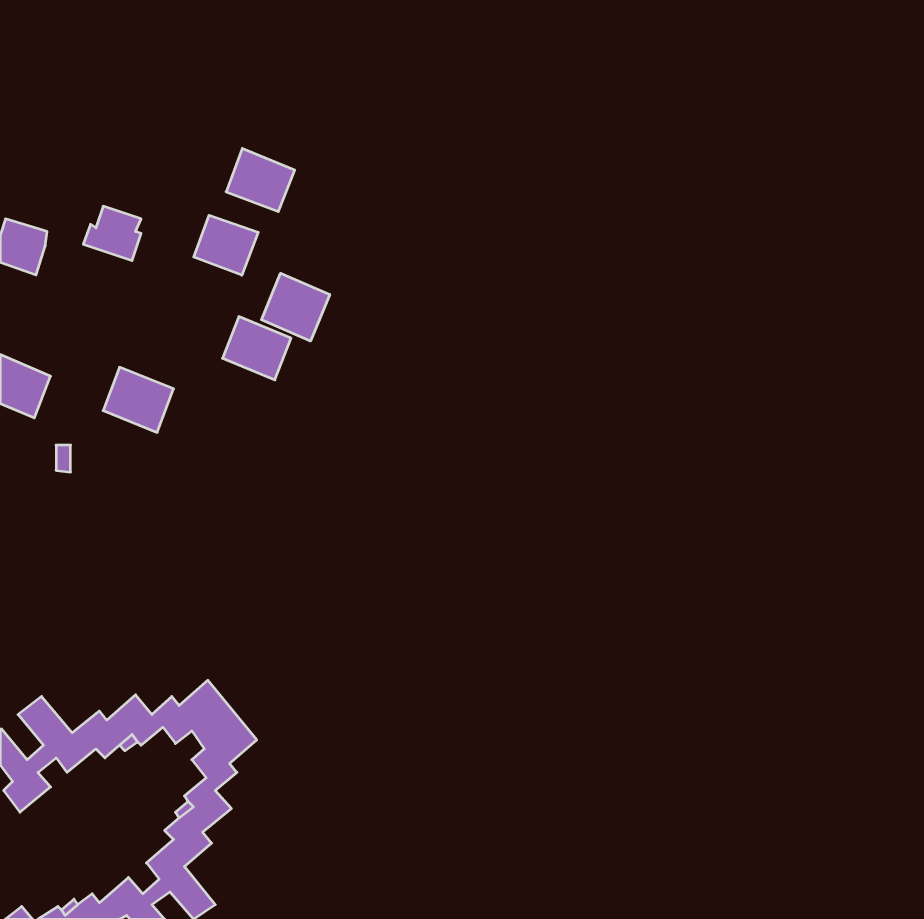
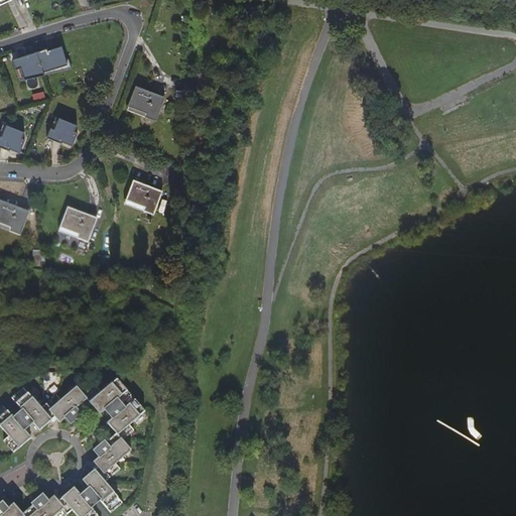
building: none -> [7,42,64,77]
building: [194,215,258,275] -> none
building: [261,273,330,341] -> none

